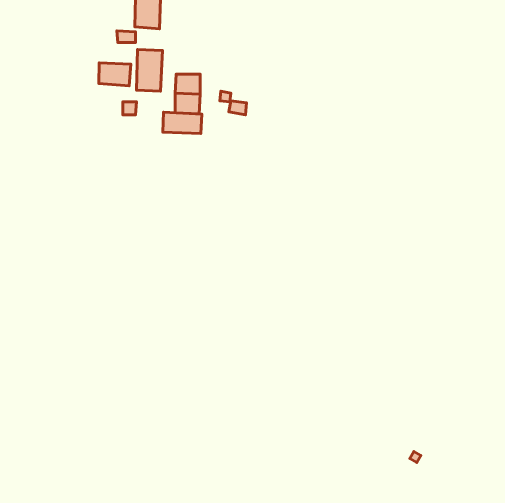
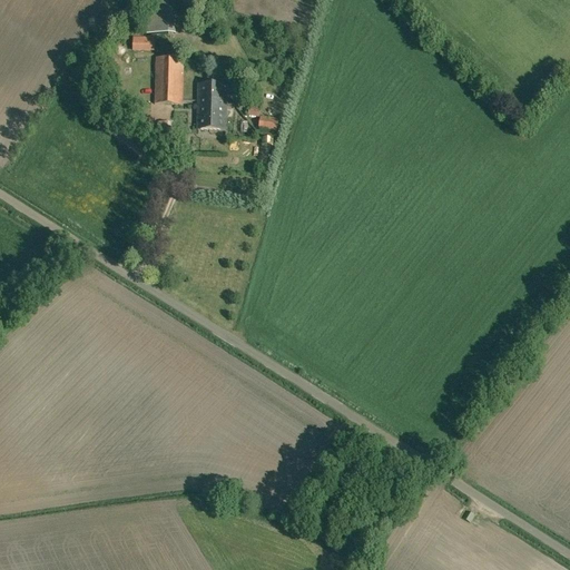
building: [99,63,131,86] -> none
building: [163,112,202,133] -> none

